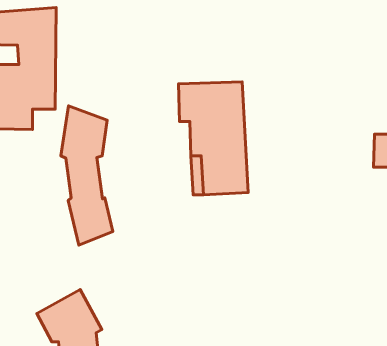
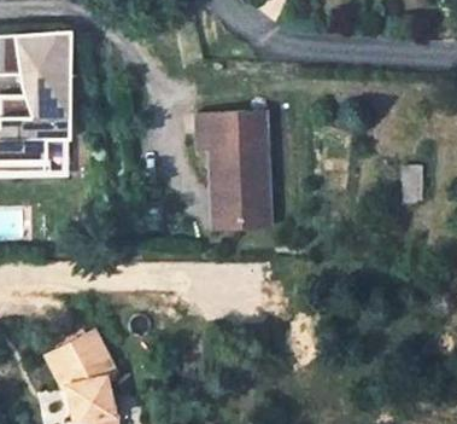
building: [61,106,113,245] -> none

